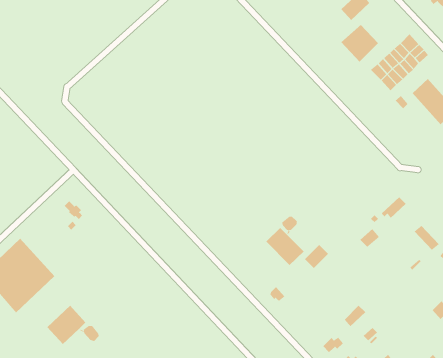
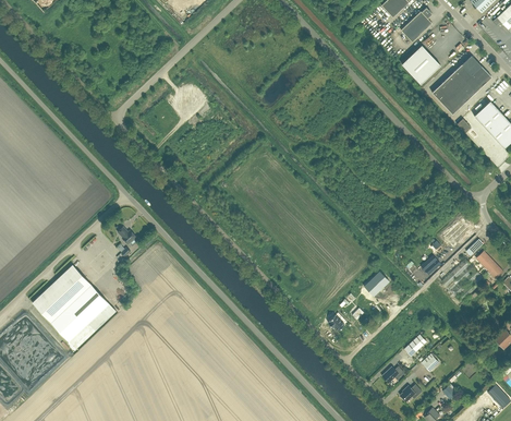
building: [265,216,304,266] -> none
building: [47,305,99,345] -> none

